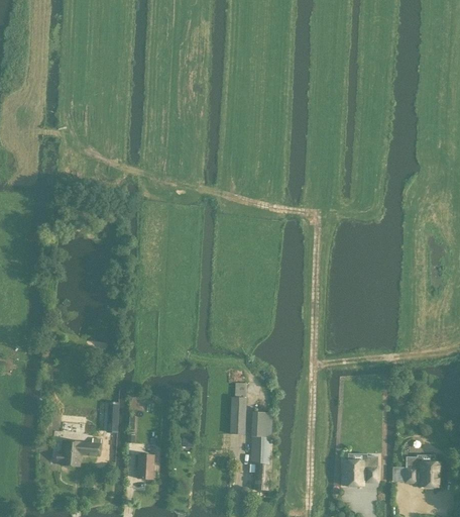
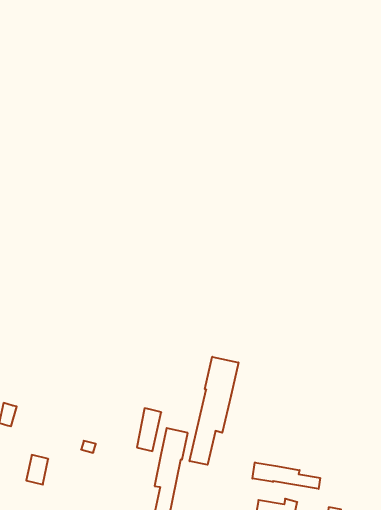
building: none -> [190,357,238,465]
building: none -> [252,462,320,489]

